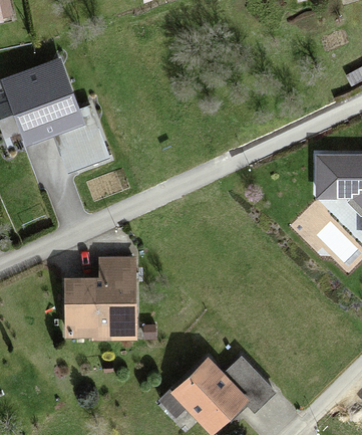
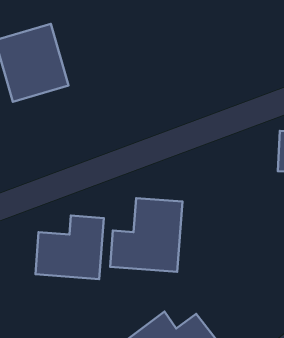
building: none -> [110,198,183,272]

